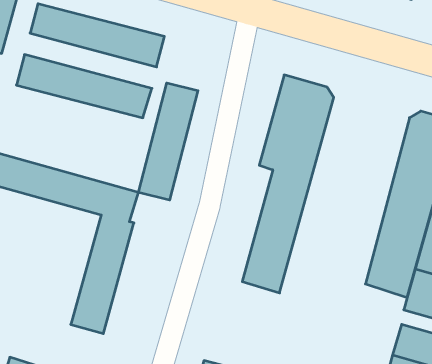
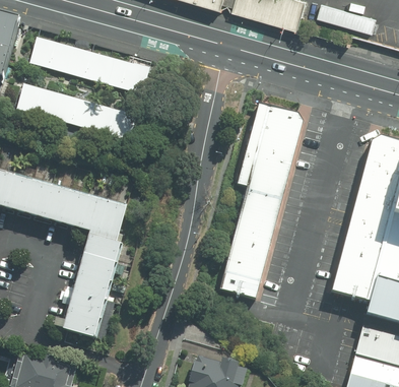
building: [138,83,198,200] -> none

